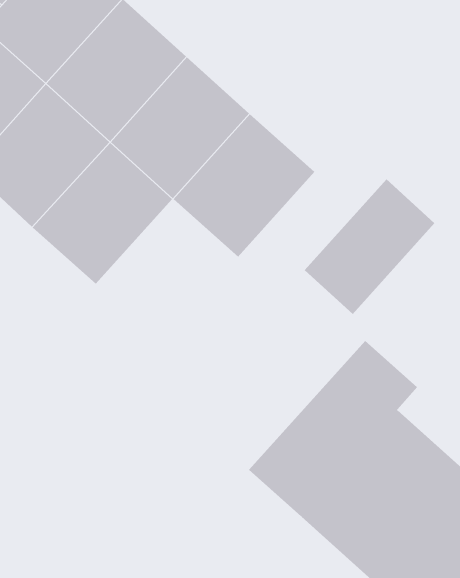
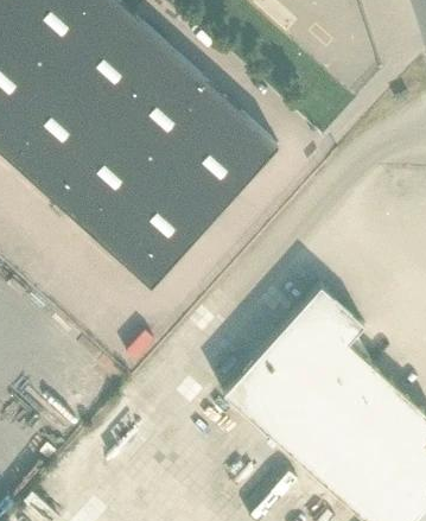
building: [304,179,435,315] -> none
building: none -> [96,167,215,287]

